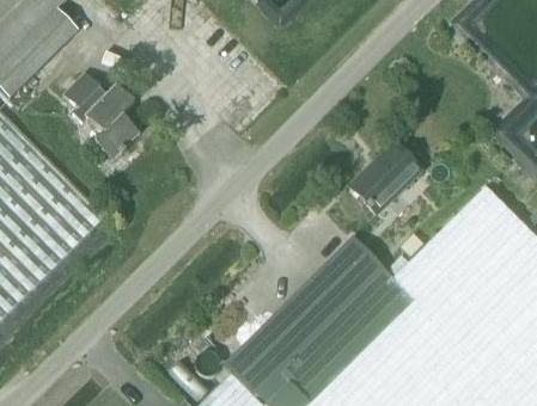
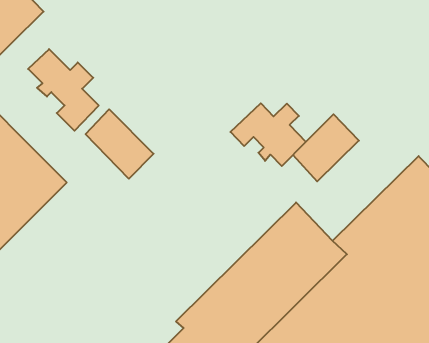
building: none -> [230,103,306,166]
building: none -> [86,109,154,179]

